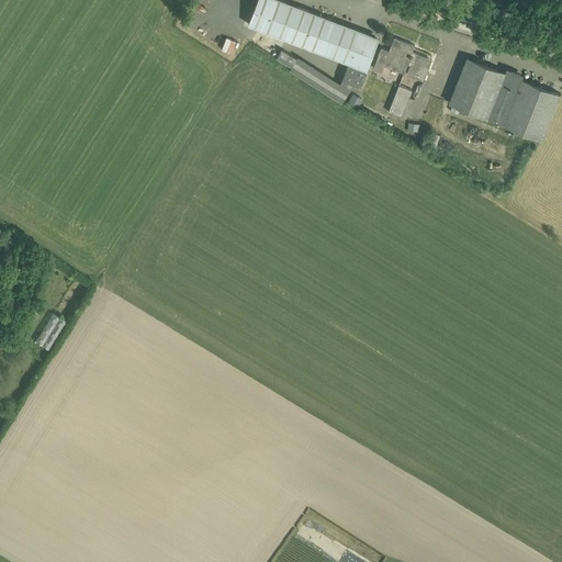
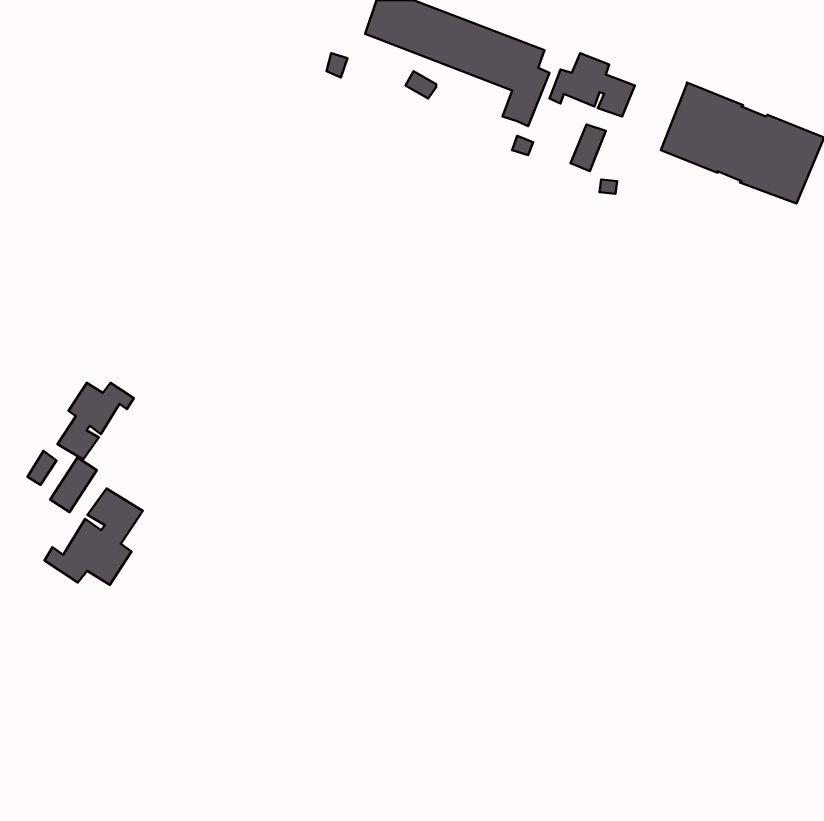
building: none -> [58,383,134,460]
building: none -> [44,488,143,585]

